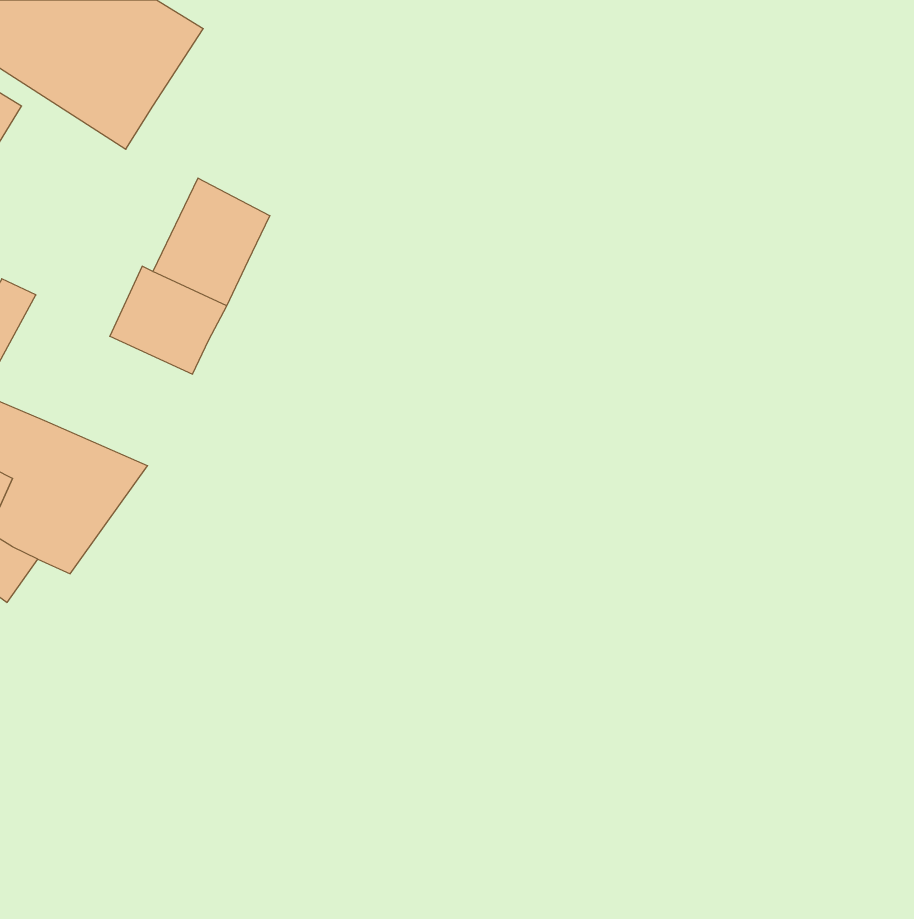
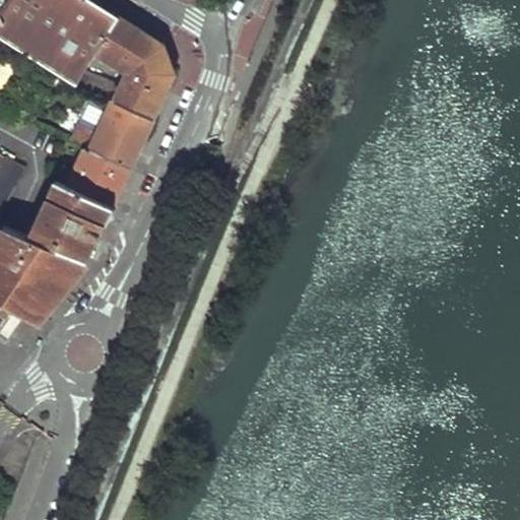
building: none -> [86,16,174,122]
building: none -> [25,185,109,263]

